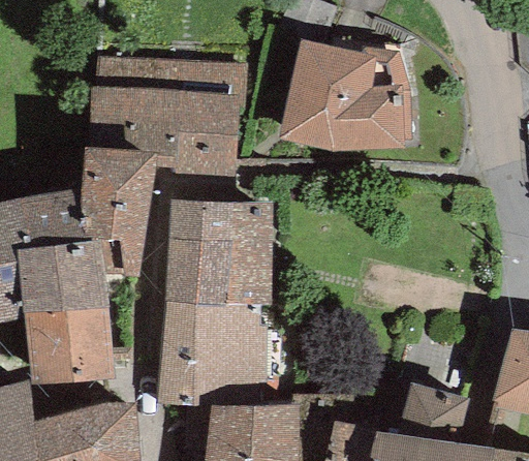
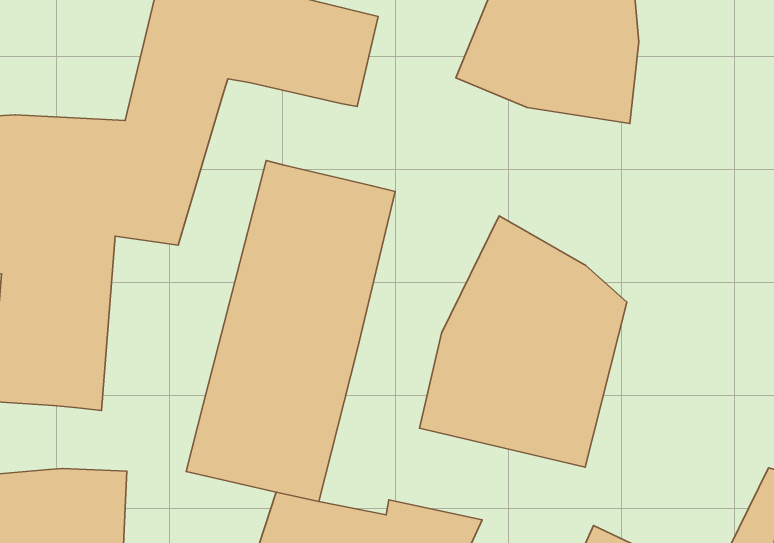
building: none -> [419,216,627,467]

